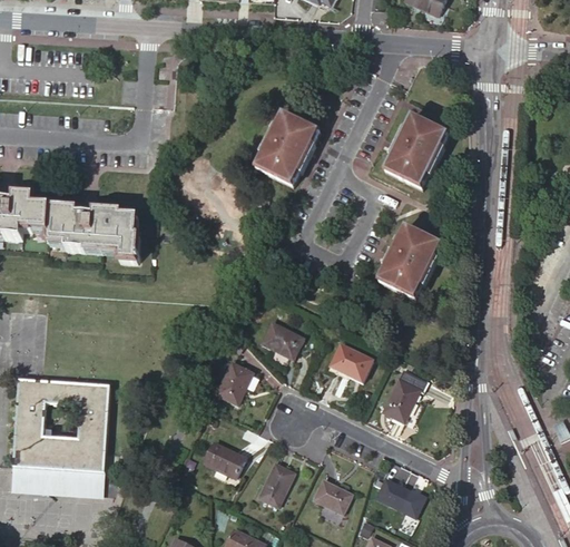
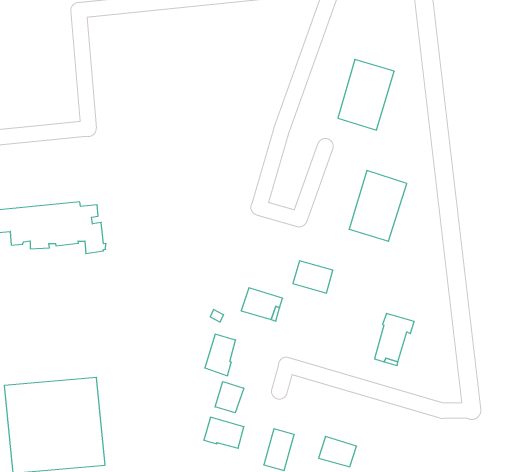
building: [255,113,318,185] -> none
building: [331,344,372,380] -> [293,261,333,293]
building: none -> [215,382,244,413]
building: [376,477,424,515] -> none

